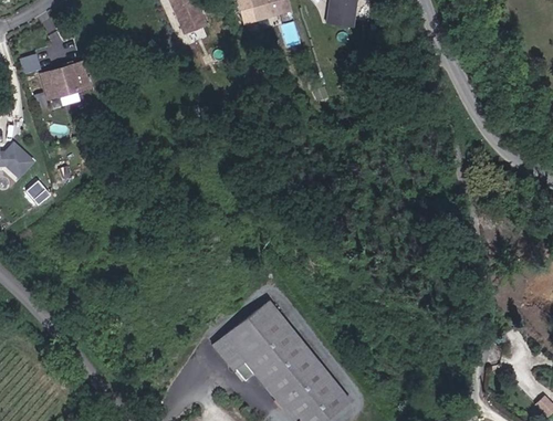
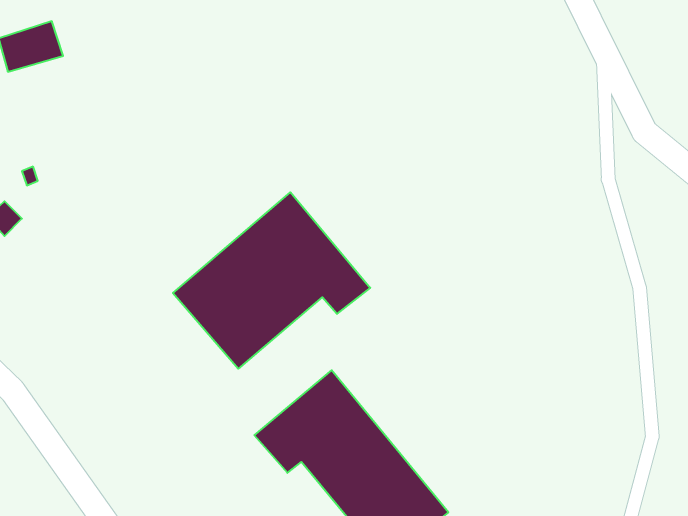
building: none -> [173,192,370,369]

